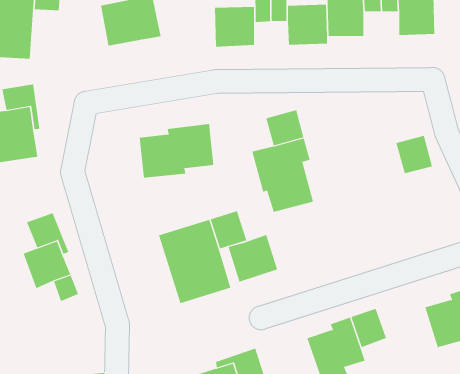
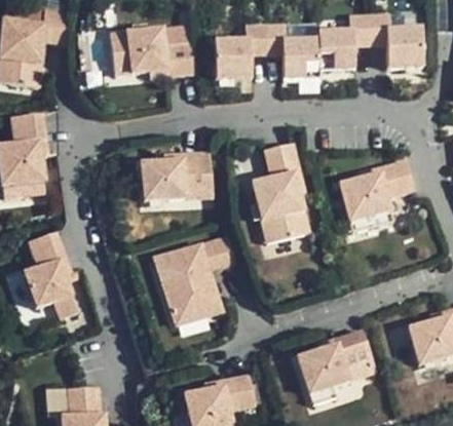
building: none -> [141,42,188,78]
building: none -> [345,168,397,228]
building: [228,234,278,282] -> none

